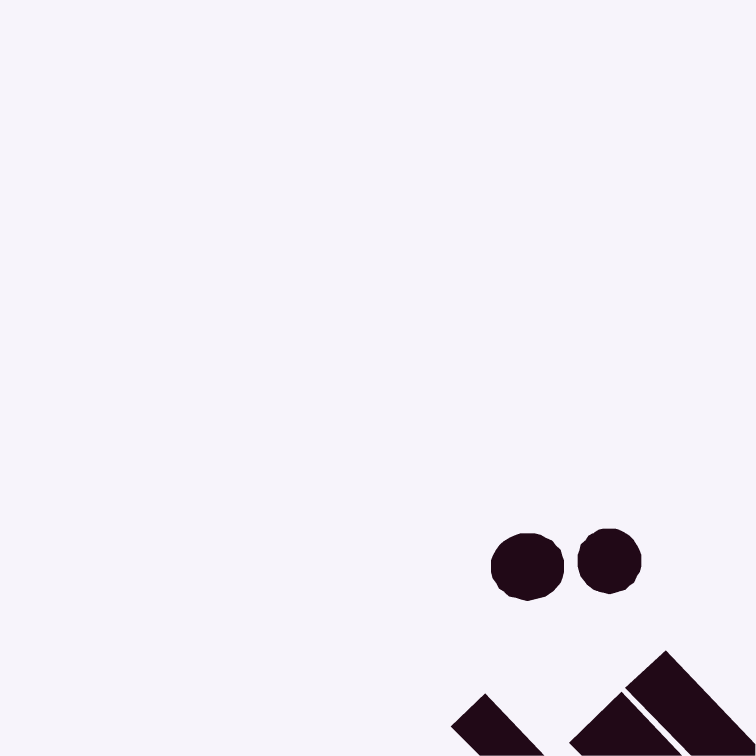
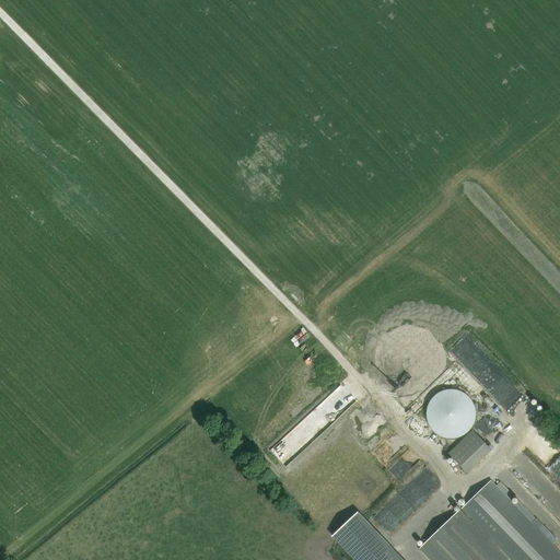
building: [490,533,565,602] -> none
building: none -> [448,430,492,474]

